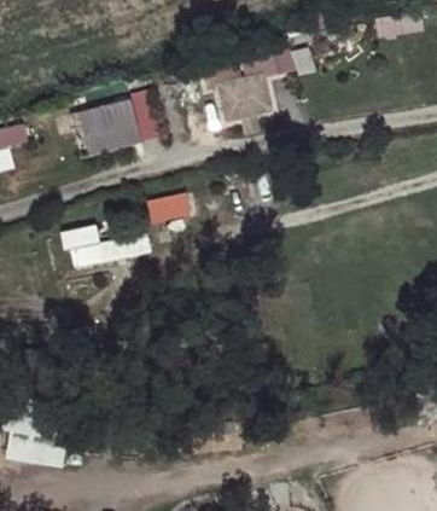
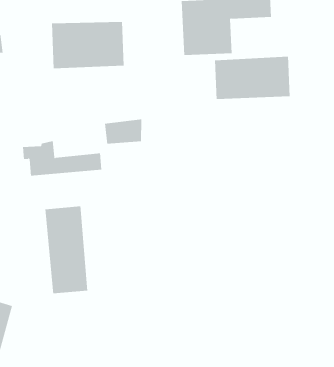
building: none -> [214,56,290,100]
building: none -> [45,206,88,294]

